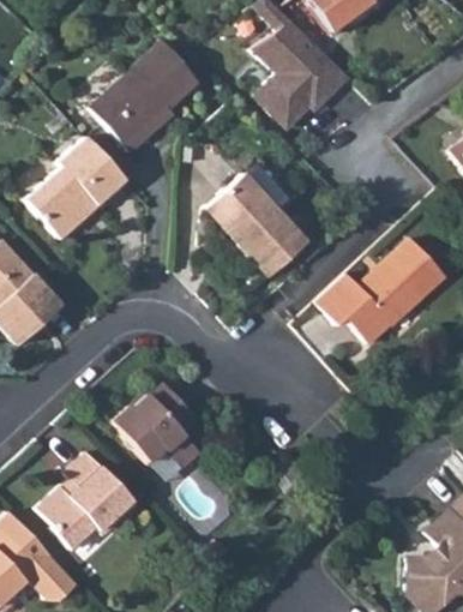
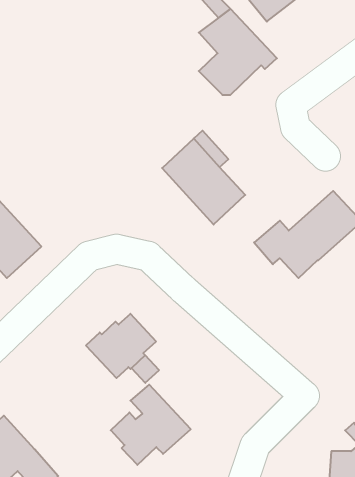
building: [91,43,198,155] -> none
building: [25,139,124,242] -> none
building: [41,451,138,548] -> [111,385,191,465]

